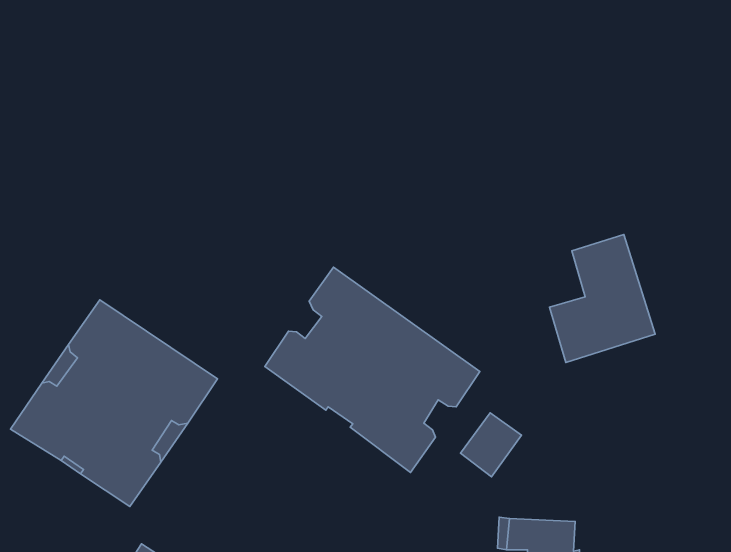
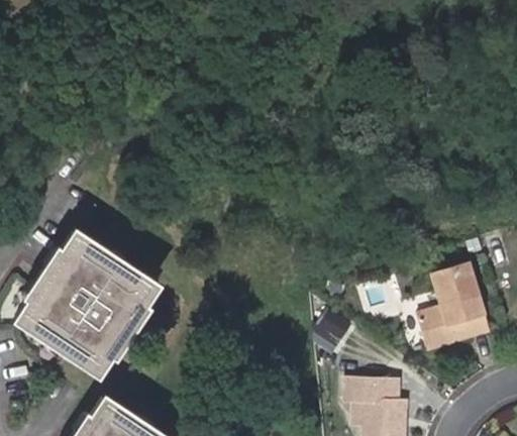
building: [549,234,655,362] -> [417,262,489,349]
building: [265,267,480,473] -> none

